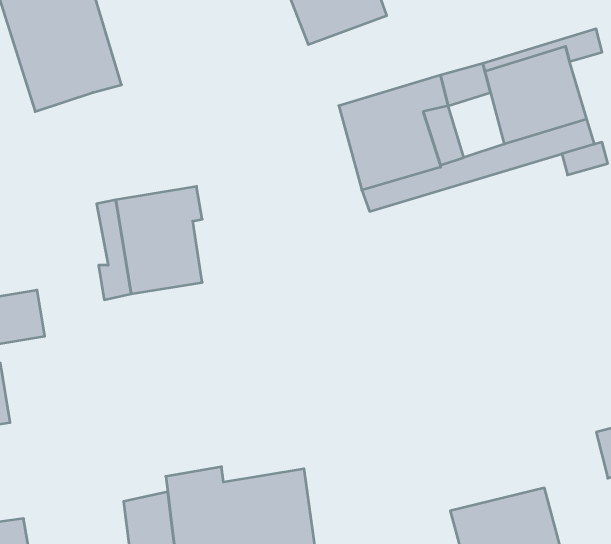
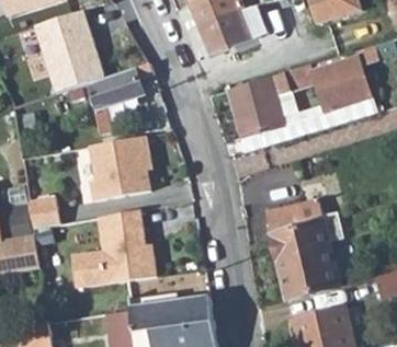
building: none -> [87,63,152,132]
building: none -> [263,198,341,299]
building: none -> [71,209,157,289]

